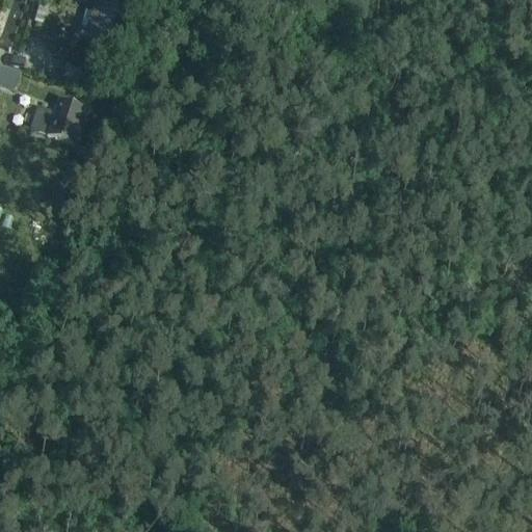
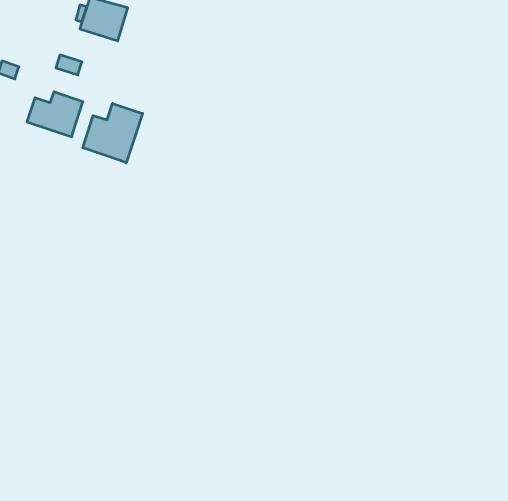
building: none -> [83,103,143,163]

